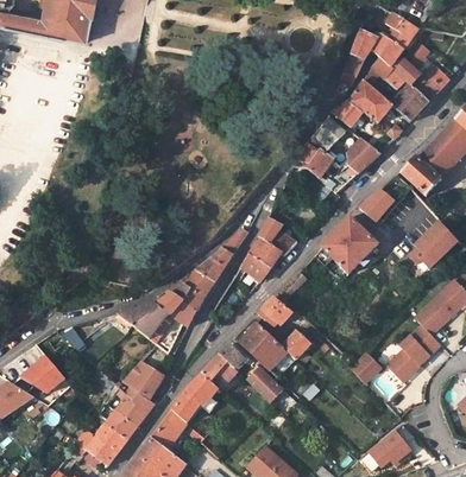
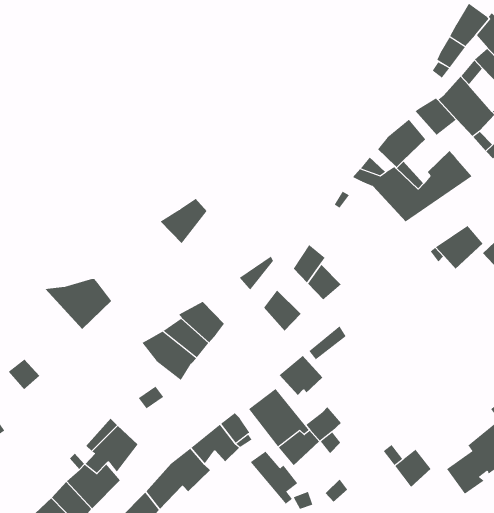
building: [321,217,376,272] -> none
building: [248,235,283,267] -> none
building: [196,247,229,281] -> [160,198,207,244]
building: [118,300,168,338] -> [45,278,112,330]

